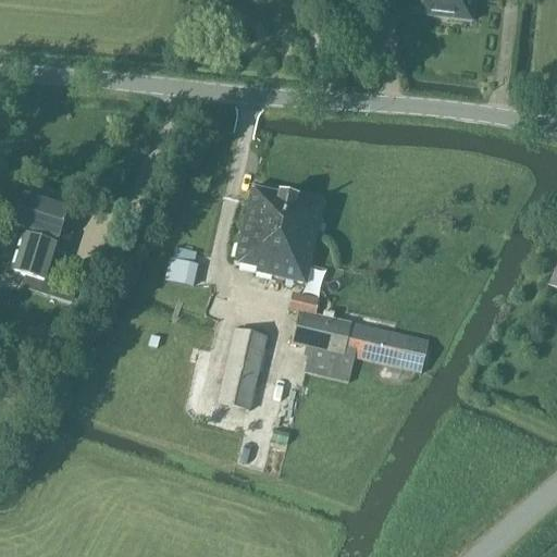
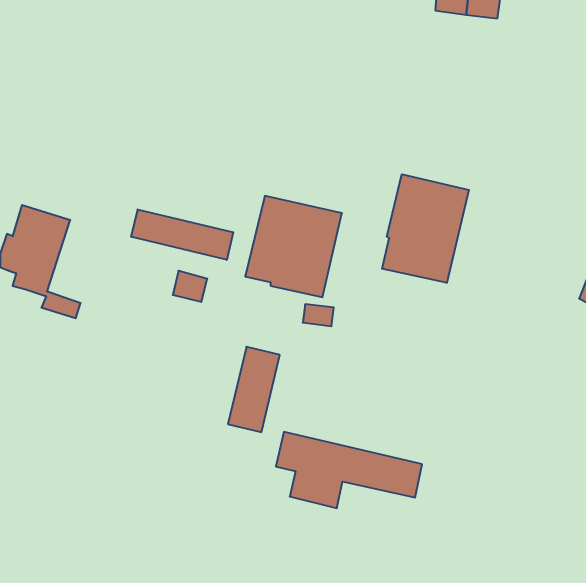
building: none -> [382,174,469,283]
building: none -> [131,209,233,260]
building: [292,309,430,381] -> [276,432,422,508]

